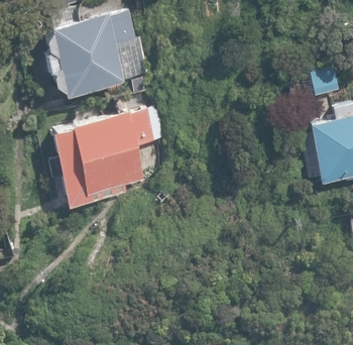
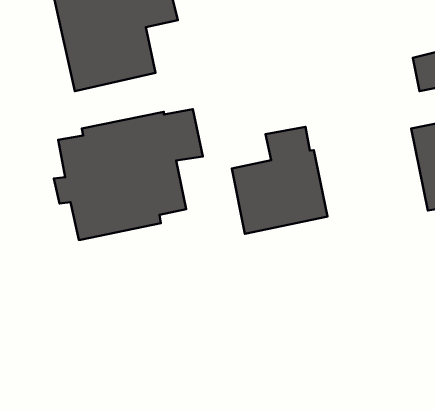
building: none -> [232,127,327,234]

